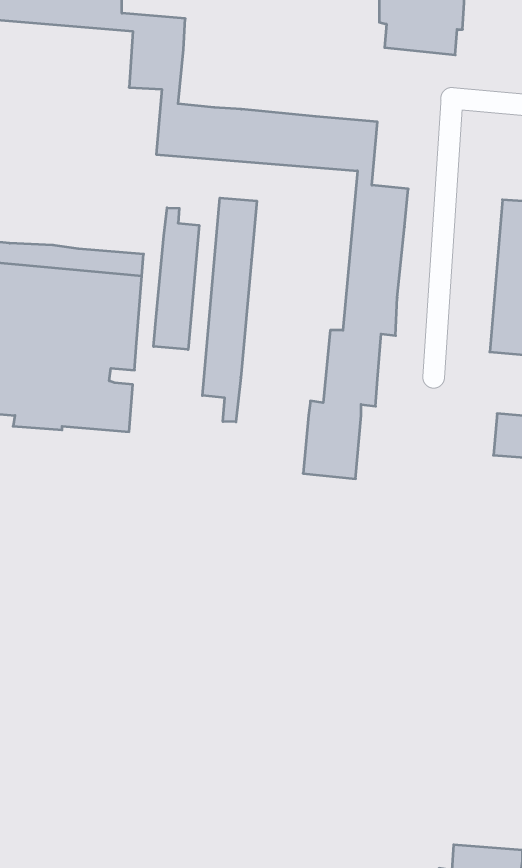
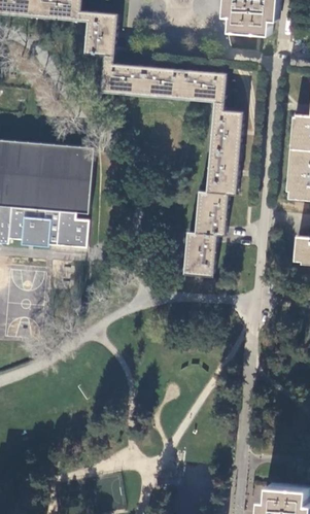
building: [202,198,257,422] -> none
building: [154,208,199,350] -> none

